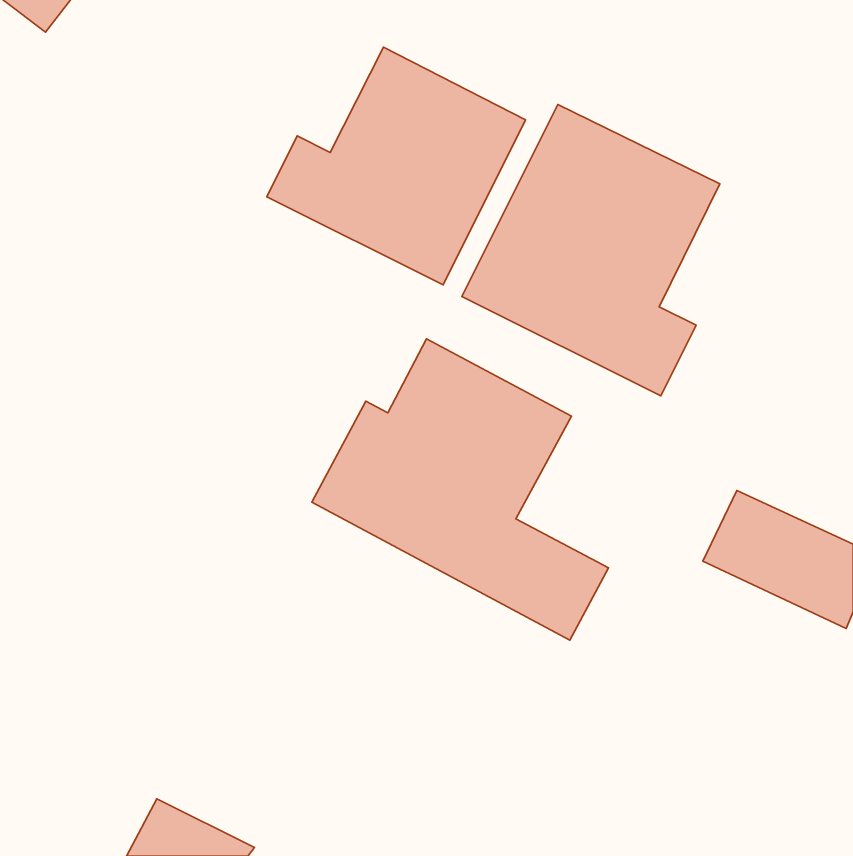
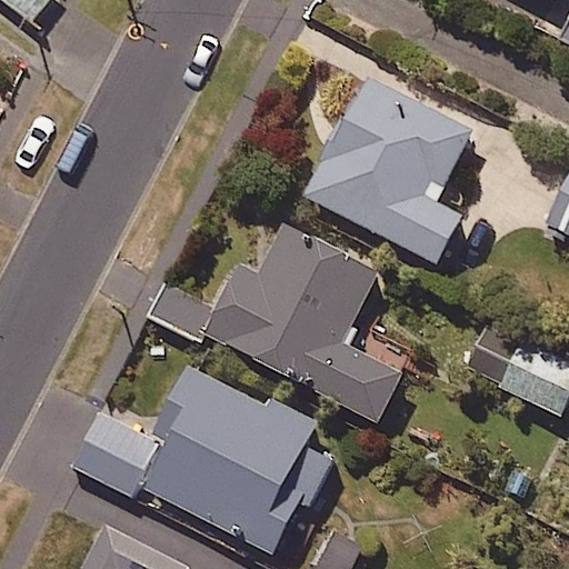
building: [267,47,526,285] -> none
building: none -> [72,366,330,552]

